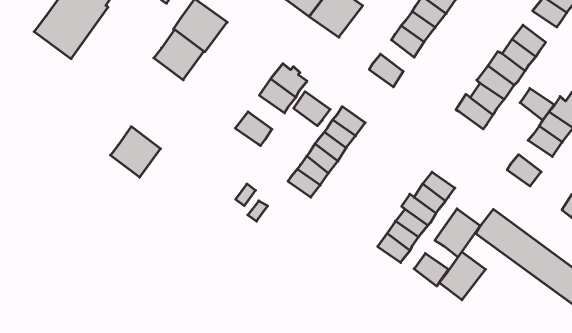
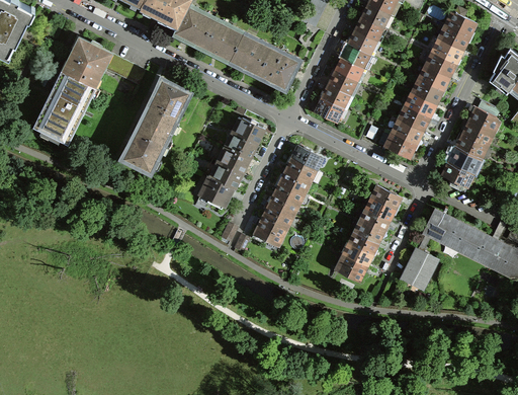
building: none -> [434,41,462,65]
building: none -> [321,84,353,110]
building: [520,88,554,120] -> [448,148,477,172]
building: [294,92,330,126] -> [220,148,250,174]
building: none -> [386,134,416,159]
building: none -> [198,176,233,210]
building: [110,127,161,177] -> [121,132,162,172]
building: none -> [251,215,287,246]
building: [435,209,480,257] -> none
building: [414,253,448,286] -> [338,256,366,282]

